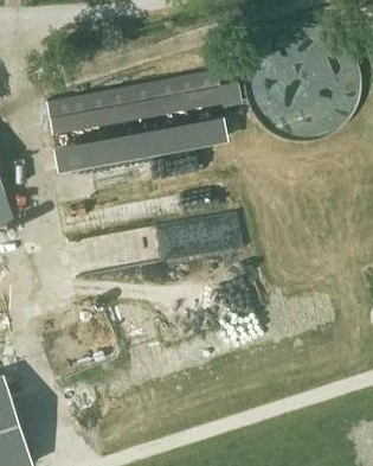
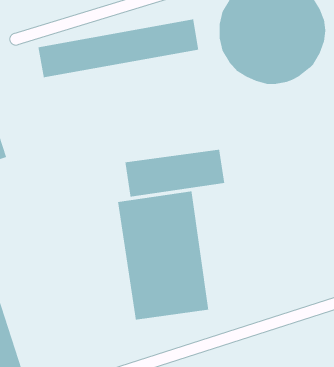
building: [53,114,229,172] -> none
building: none -> [117,191,209,321]

